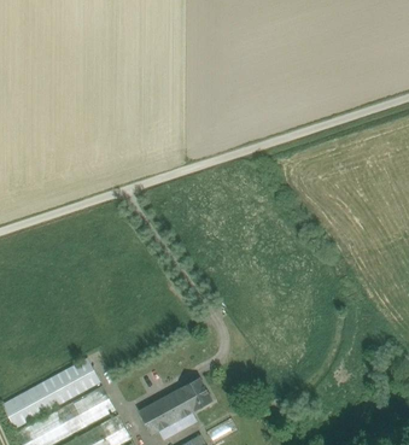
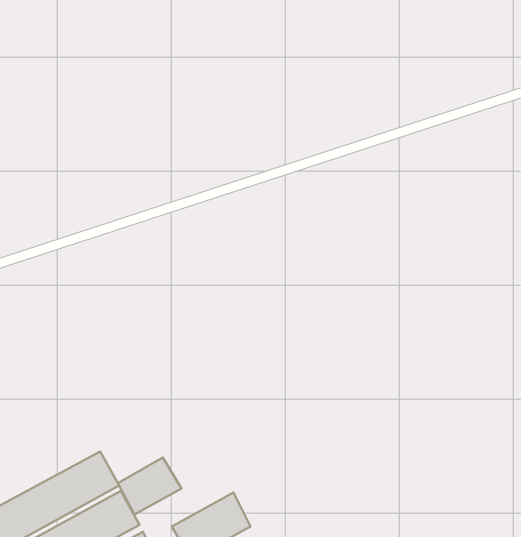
building: none -> [118,457,181,514]
building: [182,376,212,410] -> none

